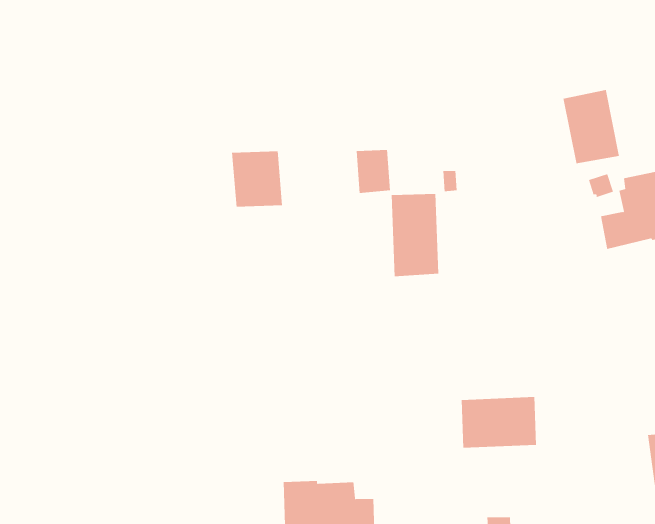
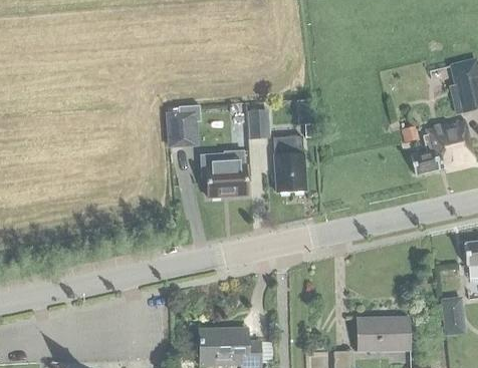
building: [563,89,620,164] -> none
building: none -> [201,150,245,197]
building: [461,397,537,448] -> [360,317,410,351]

